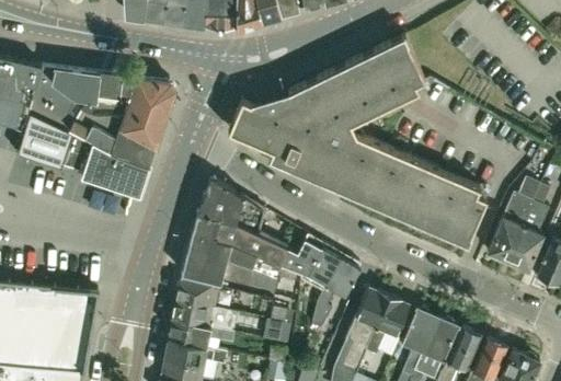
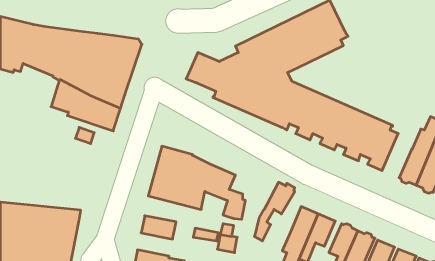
building: [16,114,72,170] -> none
building: [197,177,264,236] -> none
building: [279,235,340,292] -> none
building: [176,279,218,307] -> none
building: [168,320,232,348] -> none

